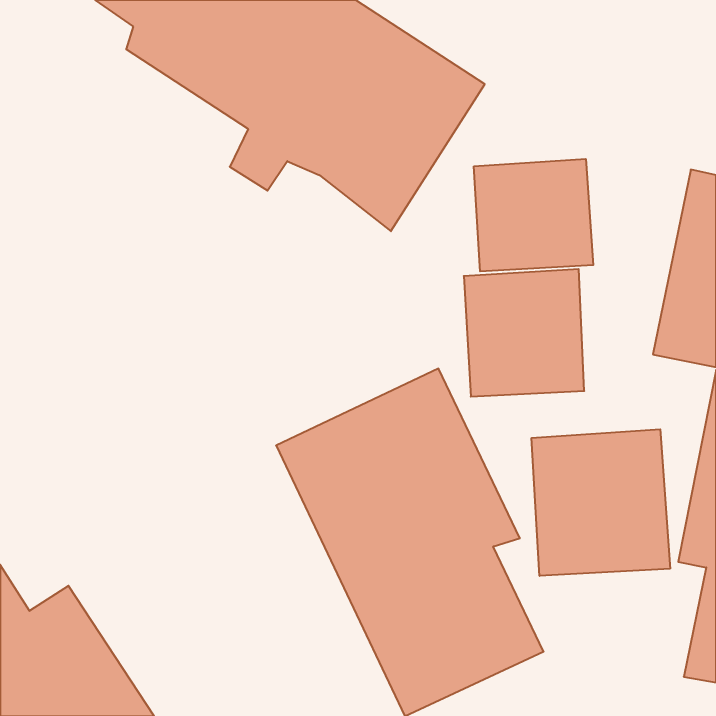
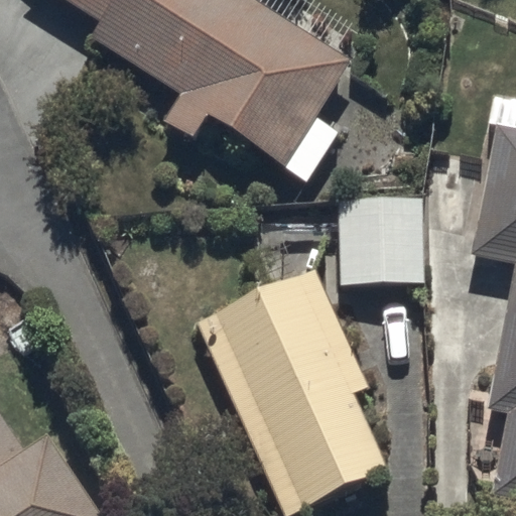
building: [474,159,593,271] -> none
building: [532,429,670,576] -> none

